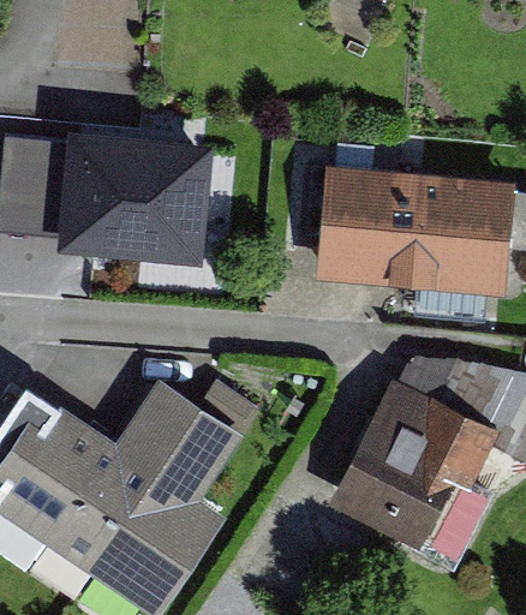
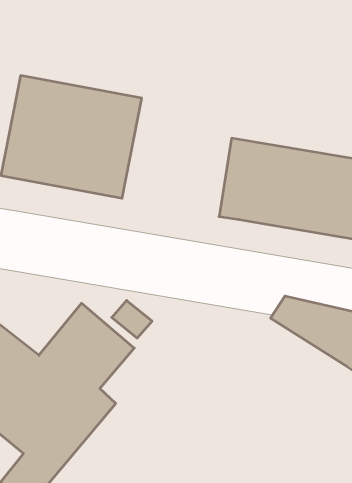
building: [337,389,486,538] -> none

